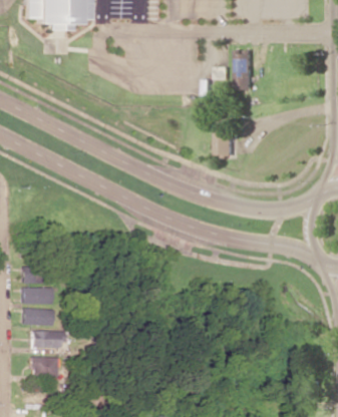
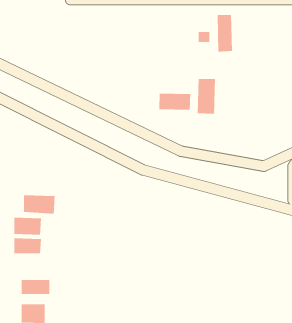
building: none -> [159,93,191,111]
building: none -> [23,194,55,215]
building: [20,308,50,326] -> none

